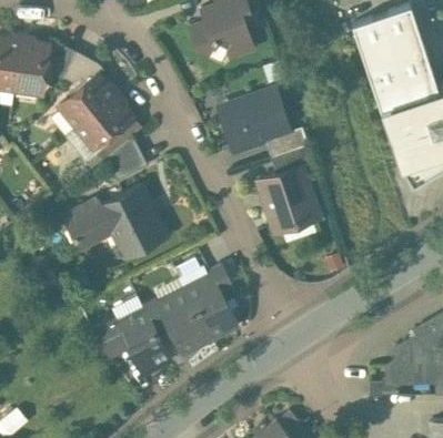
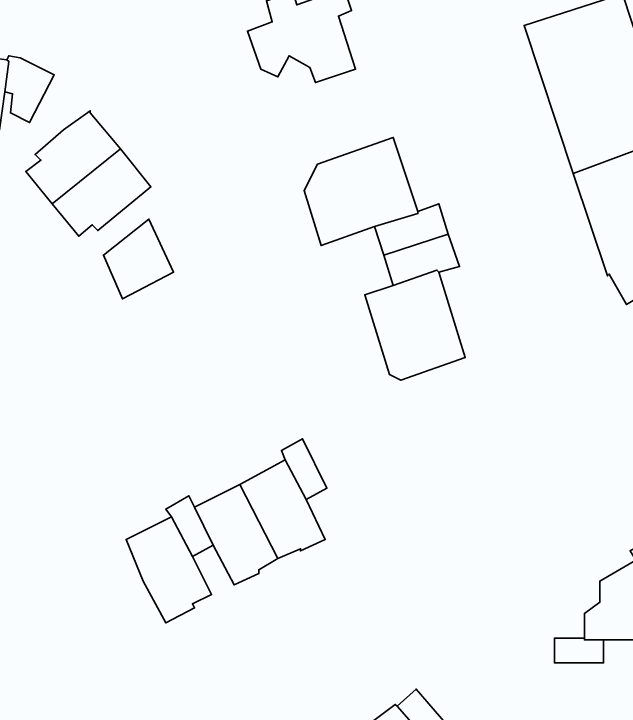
building: [62,52,103,85] -> none
building: [66,185,168,259] -> none
building: [93,319,129,358] -> none

